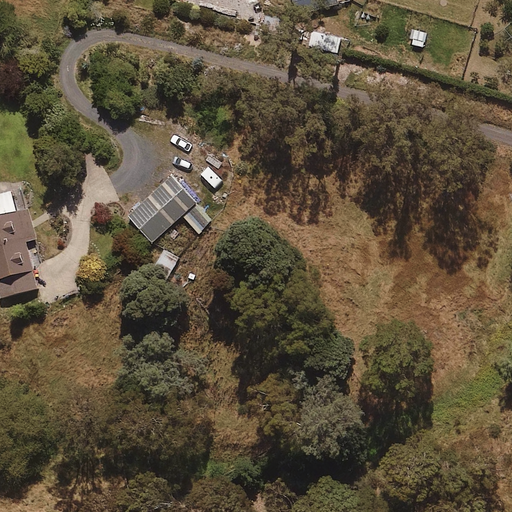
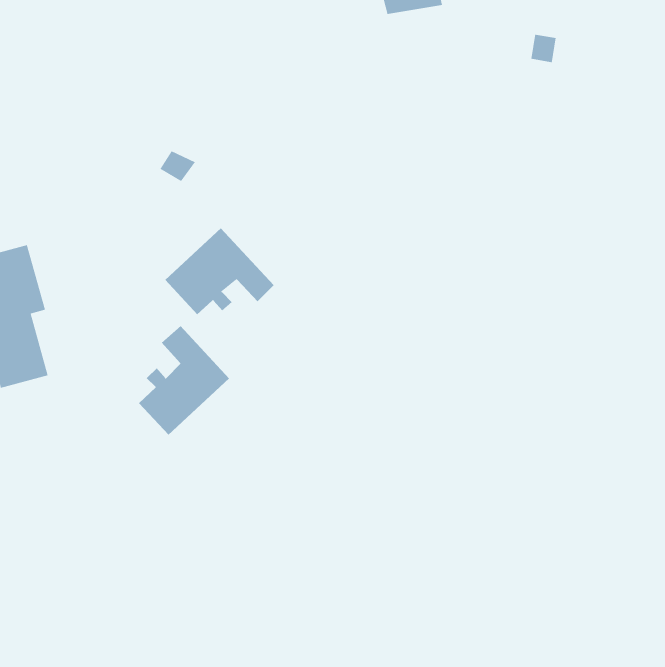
building: none -> [138,325,230,436]

